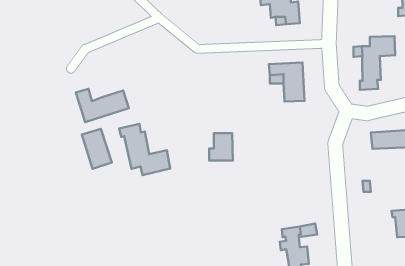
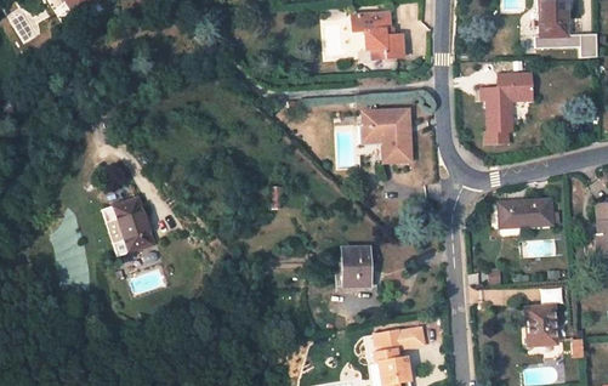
building: [76,89,129,122] -> none
building: [119,124,170,175] -> none
building: [209,133,233,160] -> [337,248,369,284]

